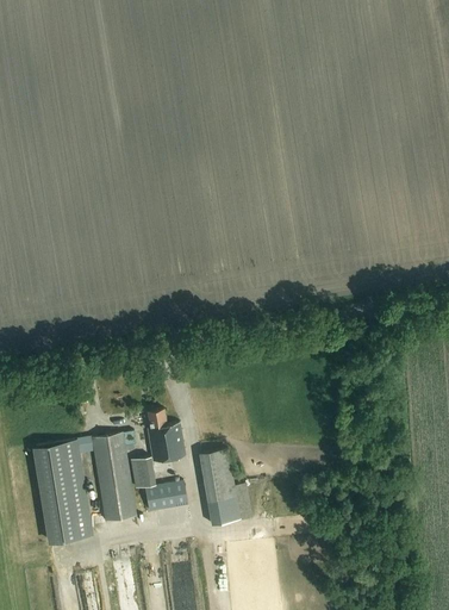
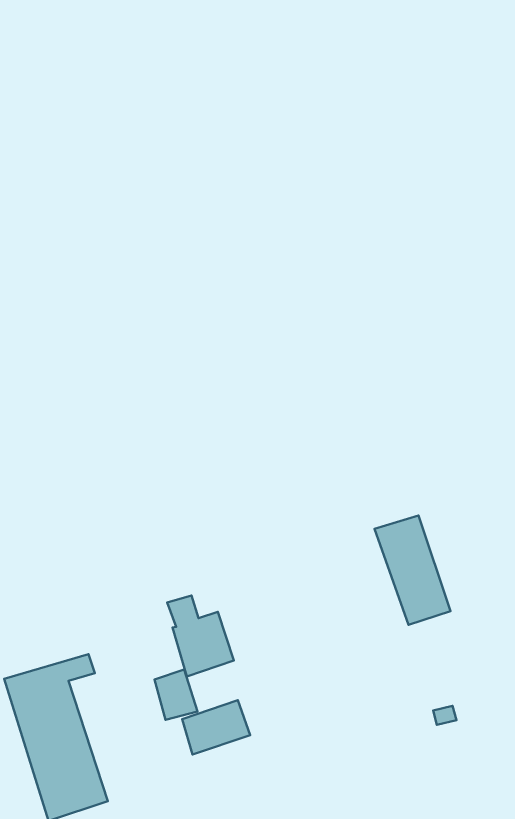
building: [91,432,135,522] -> none
building: [198,450,239,521] -> [375,515,451,625]

